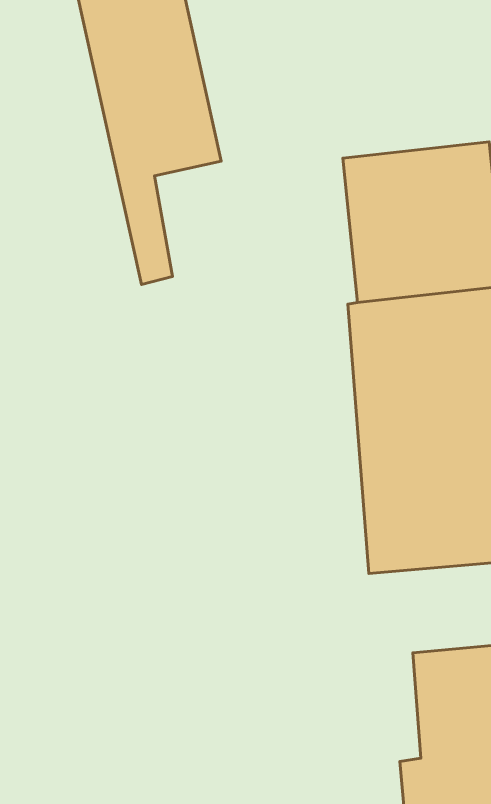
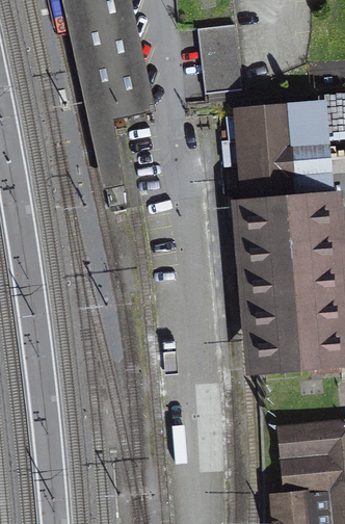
building: none -> [197,24,242,93]

